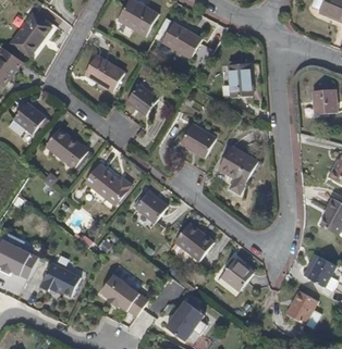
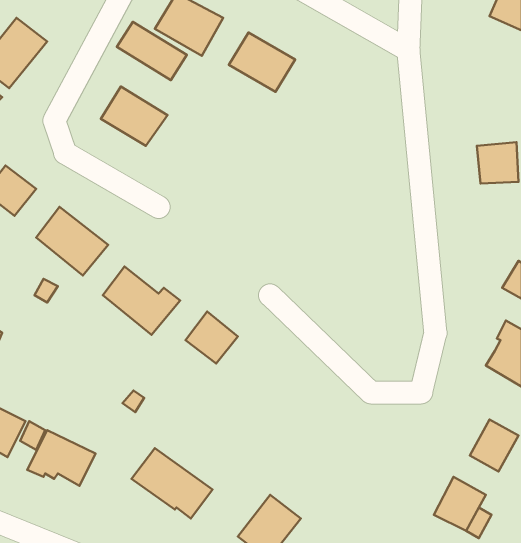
building: none -> [117,22,187,80]
building: [227,62,253,97] -> none
building: [125,84,157,114] -> none
building: [181,123,217,158] -> none
building: [219,146,257,192] -> none
building: [174,223,213,260] -> none
building: [221,258,253,290] -> none

